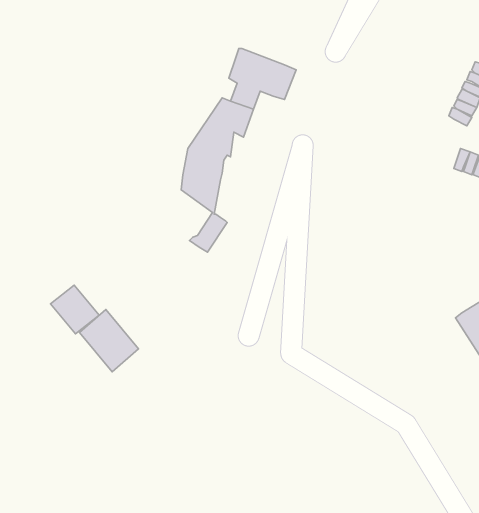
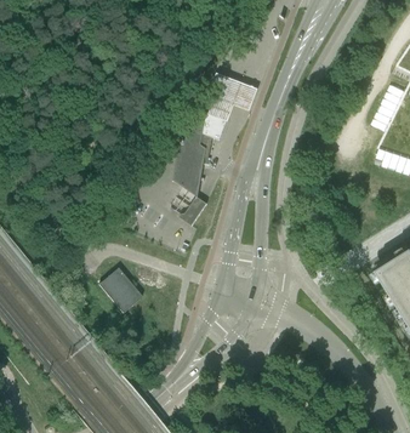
building: [51,285,99,334] -> none

